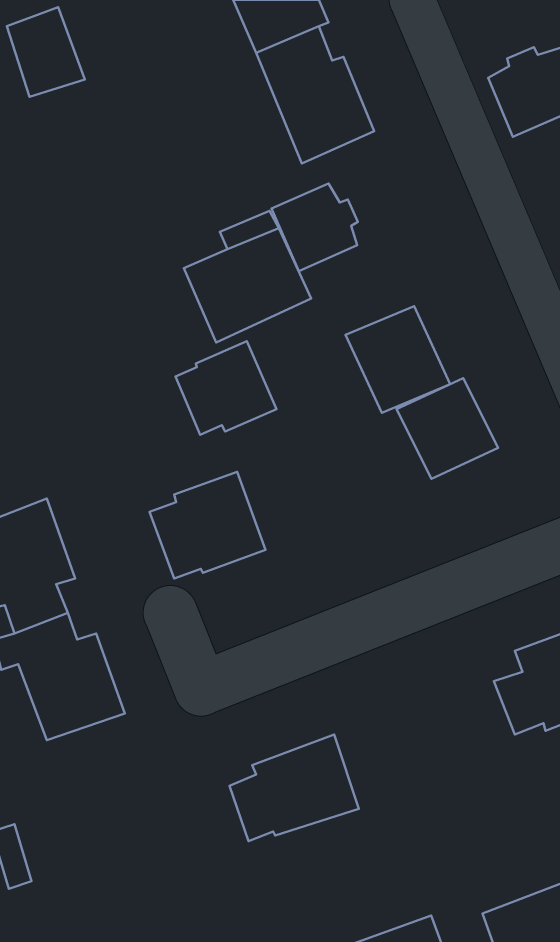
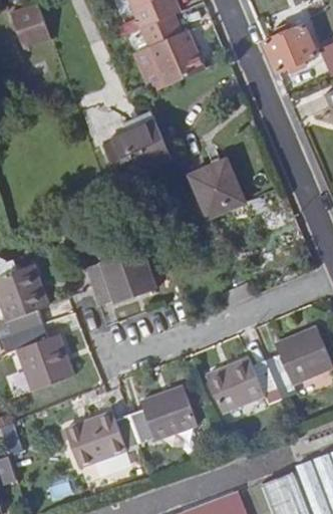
building: [272,184,358,271] -> none
building: [175,341,276,435] -> none
building: [396,378,498,479] -> none
building: none -> [210,356,279,412]
building: none -> [65,412,138,468]

